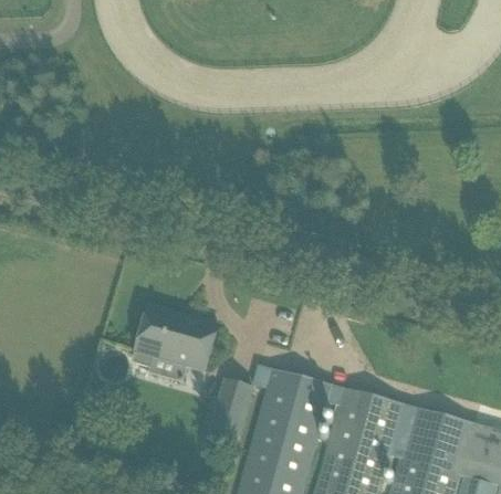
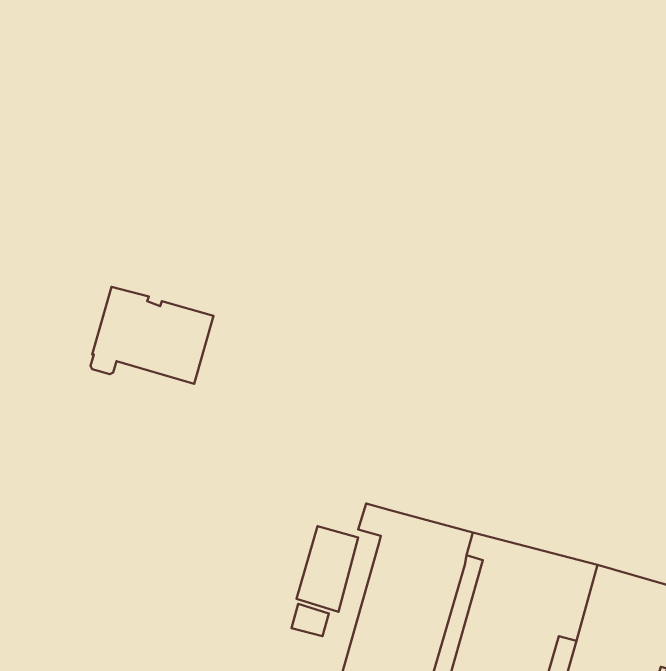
building: [134,308,218,375] -> [91,287,214,384]

